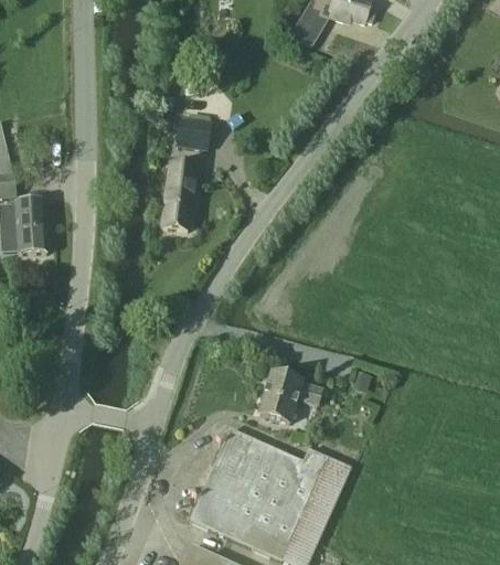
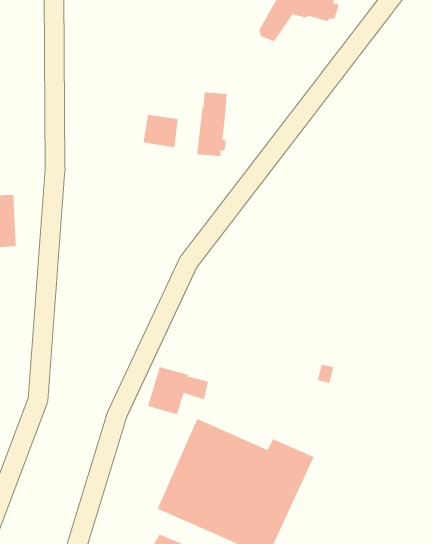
building: [160,162,192,228] -> [196,92,228,157]
building: [258,372,321,422] -> [147,366,209,415]

